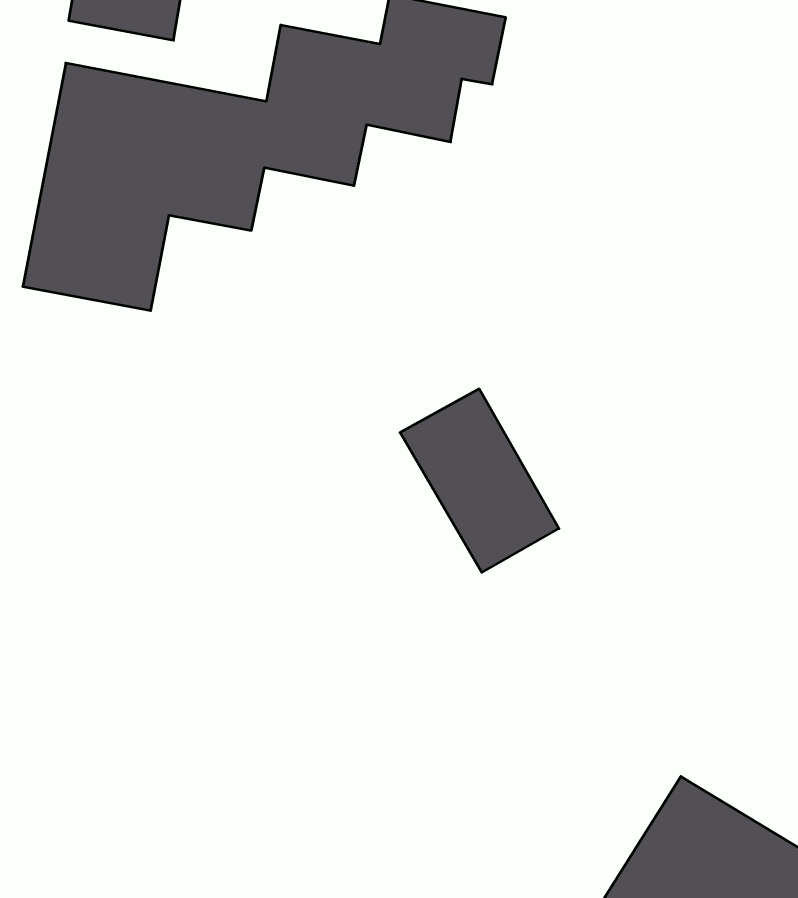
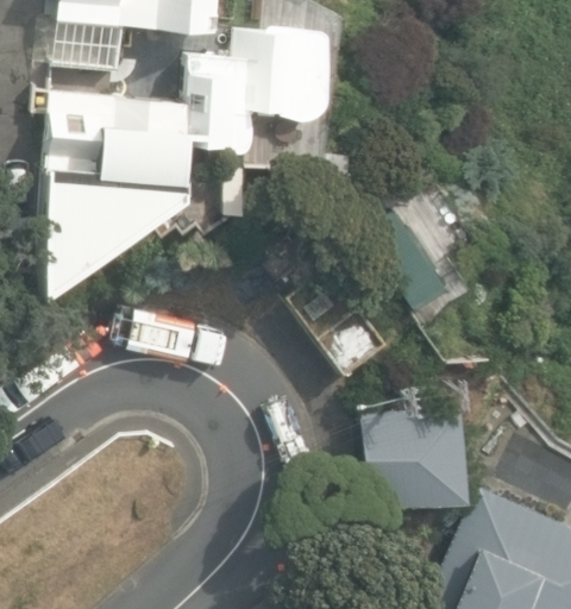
building: none -> [368,407,465,506]

